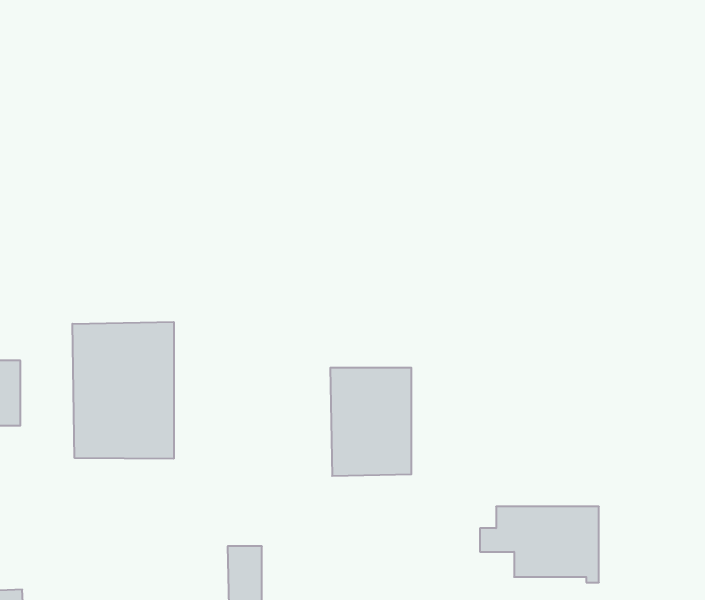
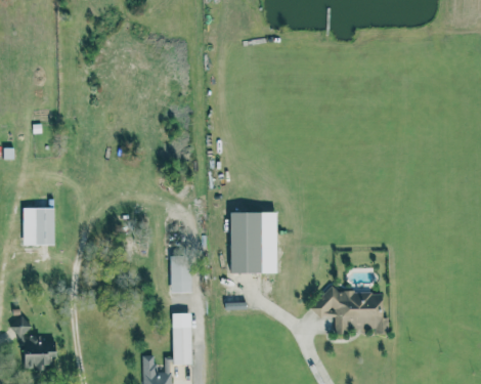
building: [72,322,174,459] -> none
building: none -> [171,257,191,293]

